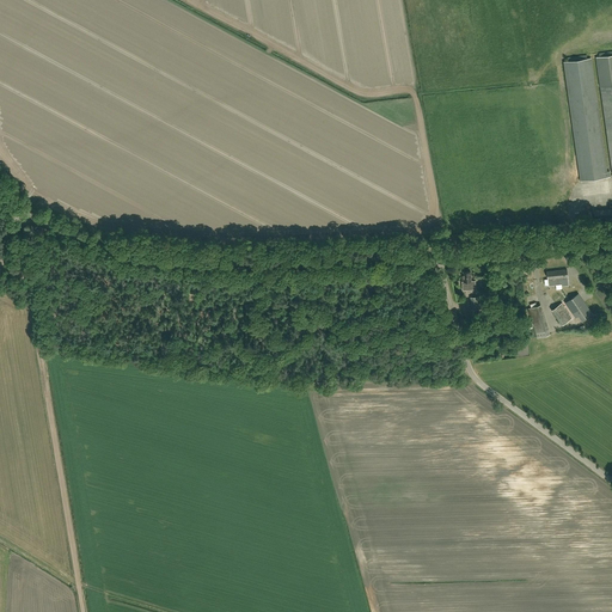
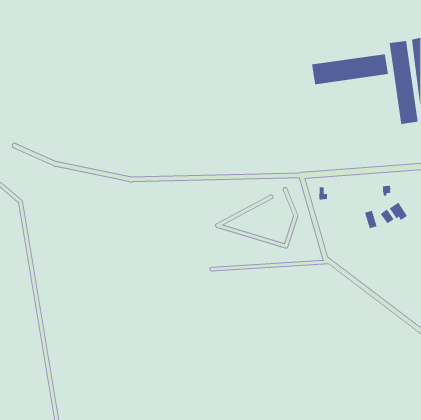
building: none -> [312,53,388,85]

